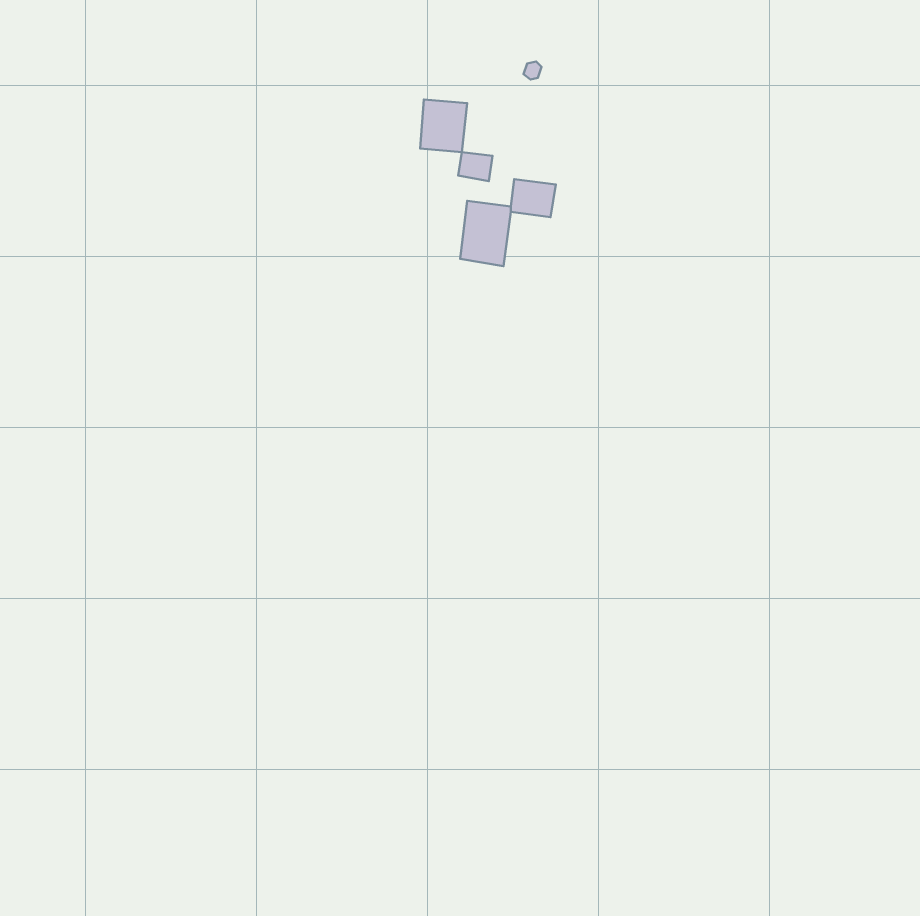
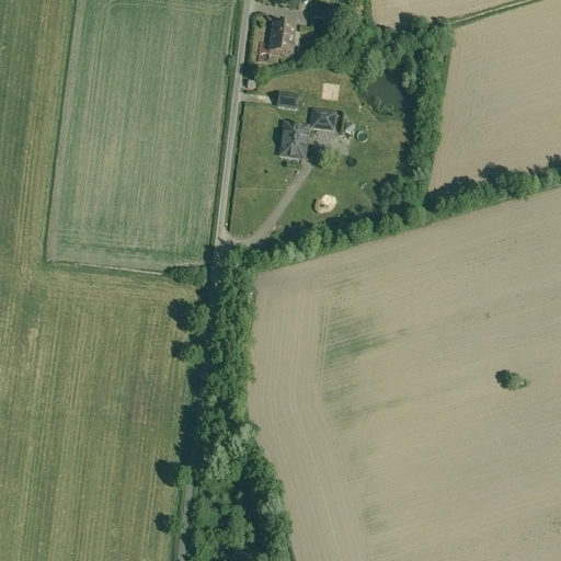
building: [420,100,467,152] -> [267,24,296,56]

